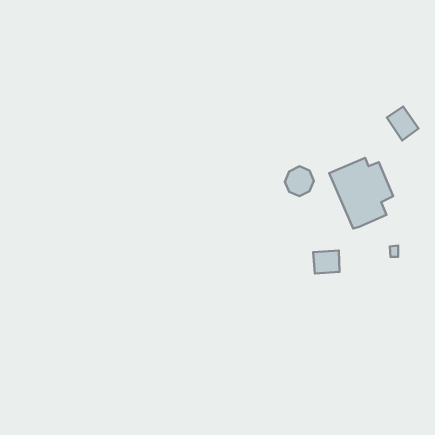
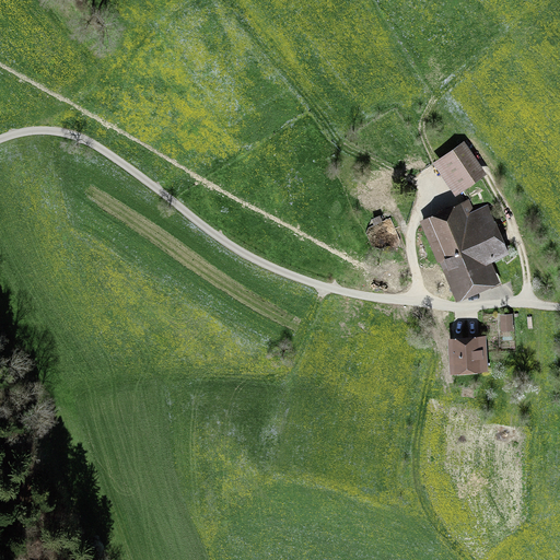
building: [387,106,418,141] -> [440,147,480,190]
building: [313,251,340,274] -> [452,340,486,370]

